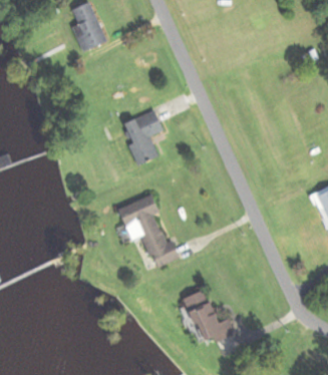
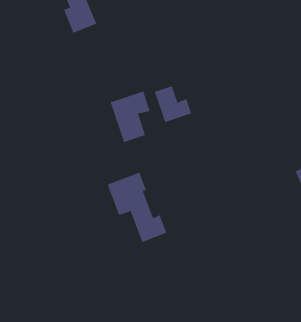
building: none -> [154,85,192,123]
building: [183,290,235,345] -> none

